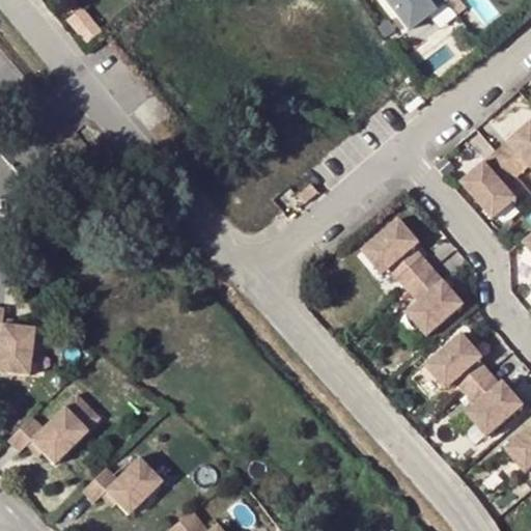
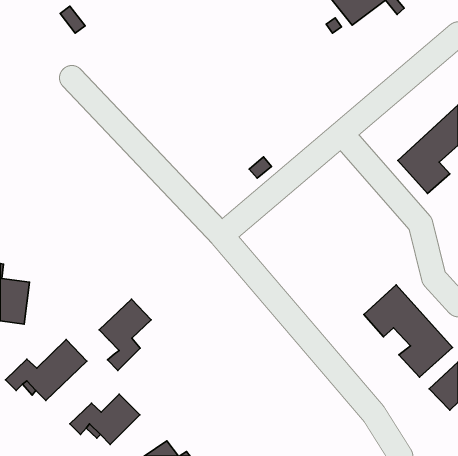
building: [361,215,466,335] -> none
building: none -> [99,299,151,371]

